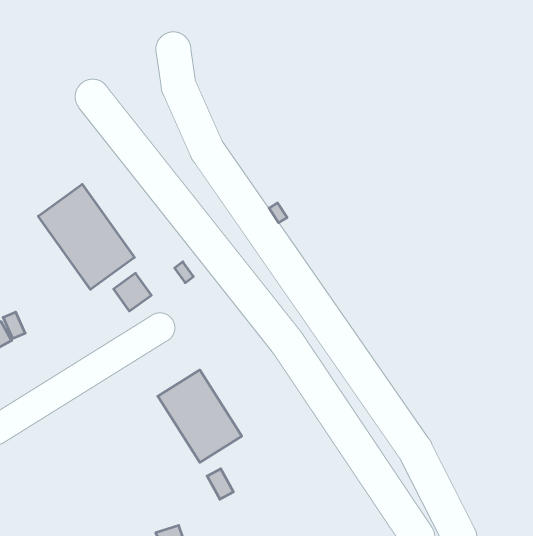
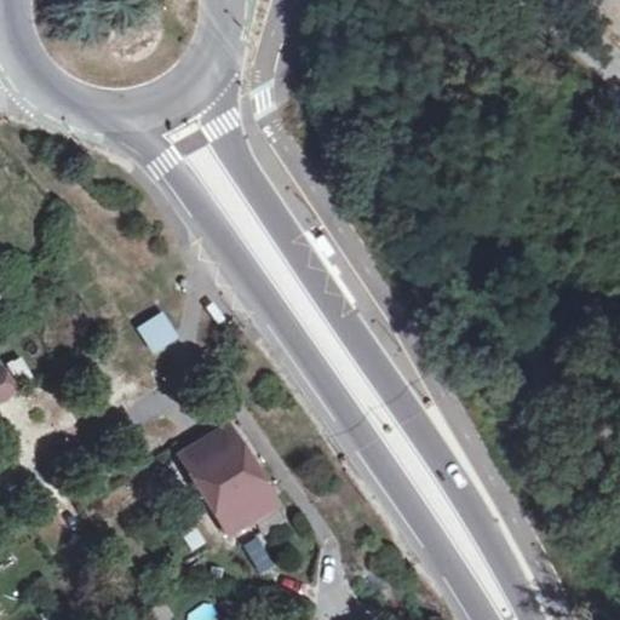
building: [38,184,134,289] -> none

